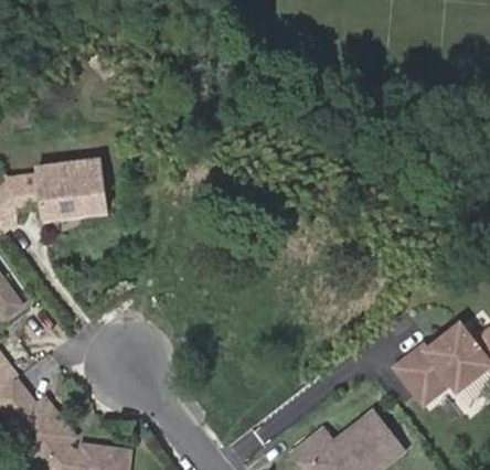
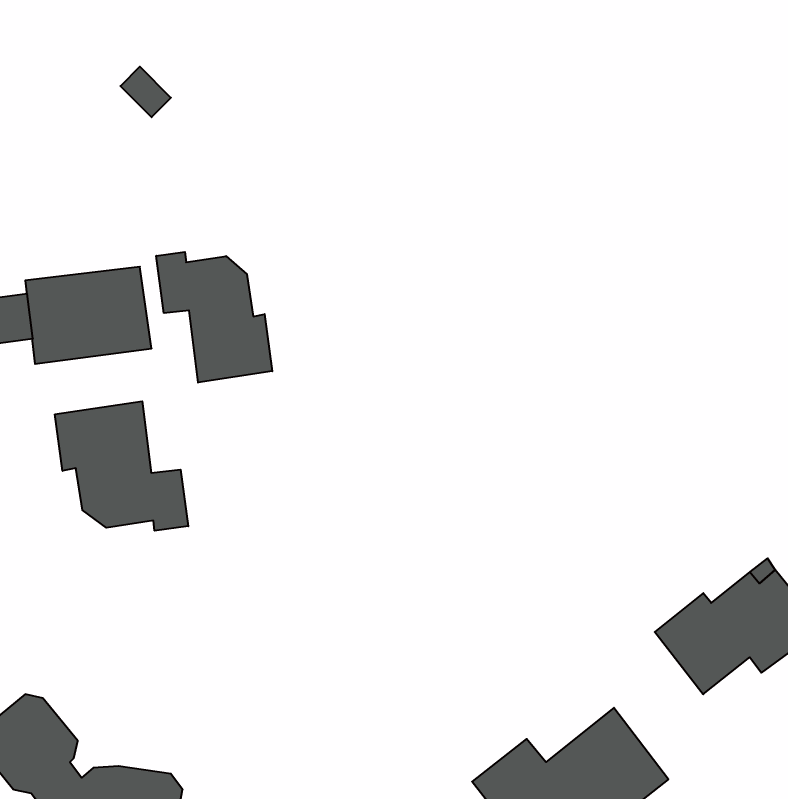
building: none -> [156,252,272,383]
building: none -> [55,401,188,531]

